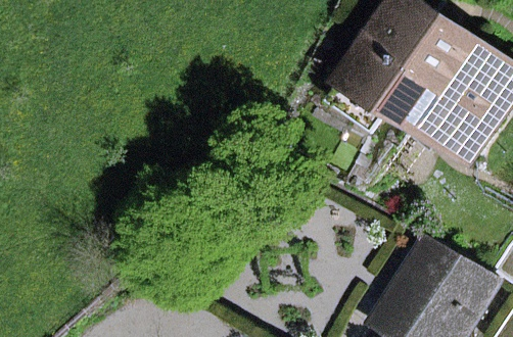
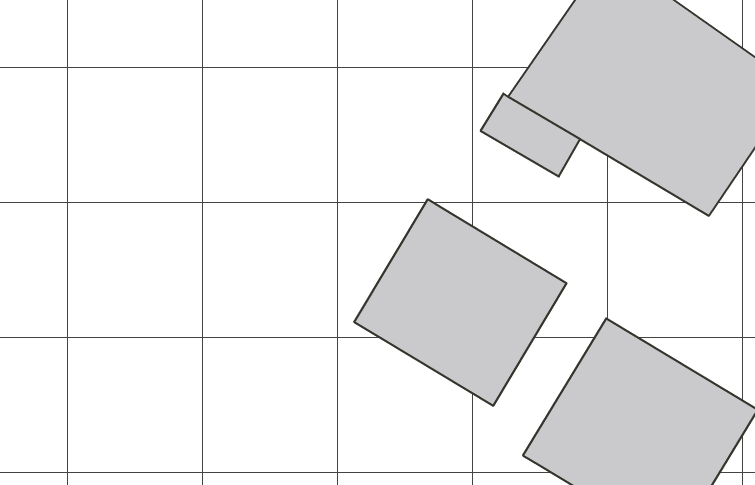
building: none -> [354,199,566,406]

